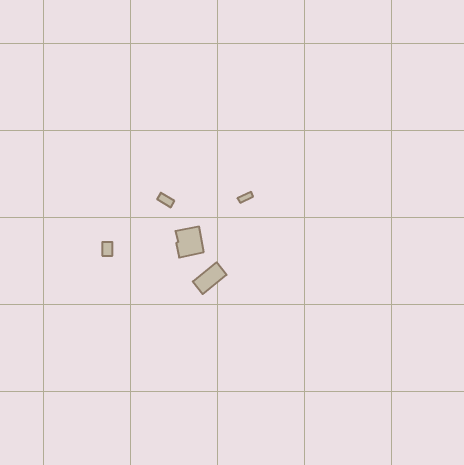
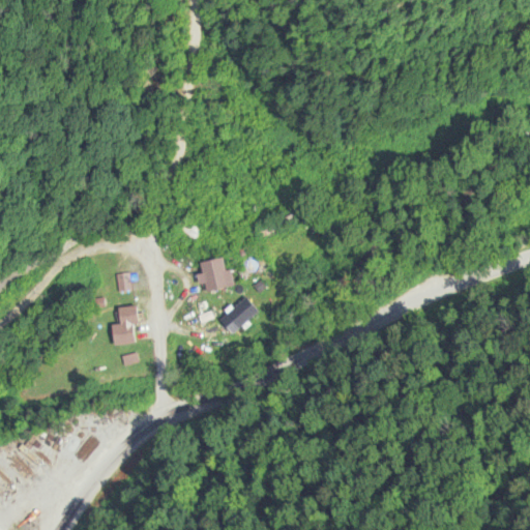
building: none -> [110,305,139,346]

